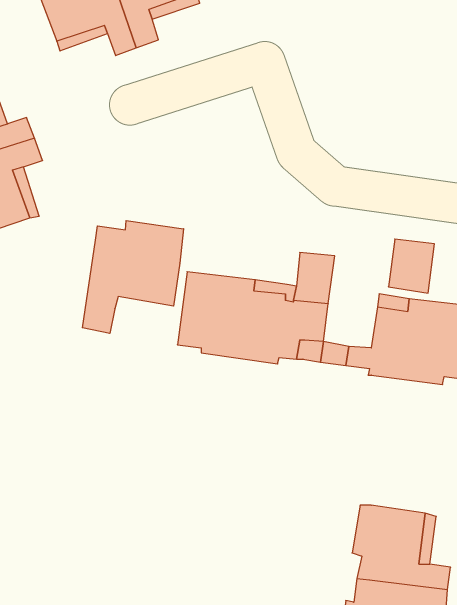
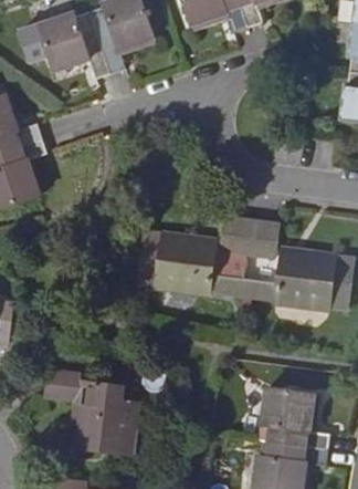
building: [82,221,184,333] -> none
building: [388,239,434,293] -> [245,219,277,257]
building: none -> [43,355,133,455]

